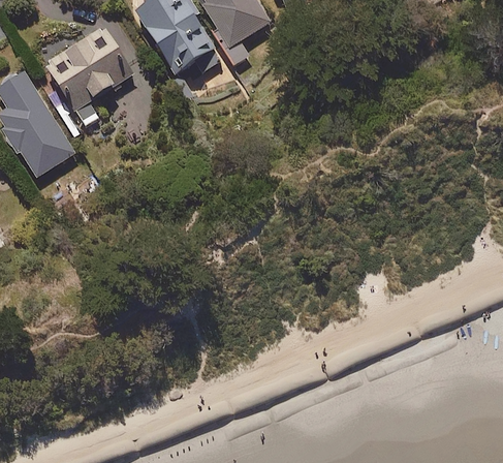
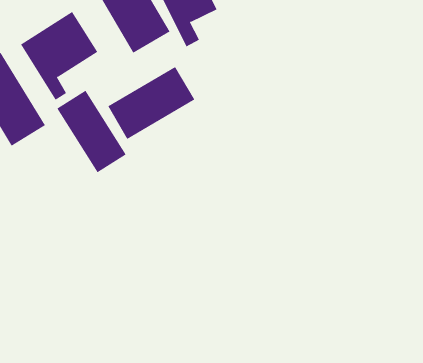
building: none -> [107,66,195,140]
building: none -> [57,90,126,173]

